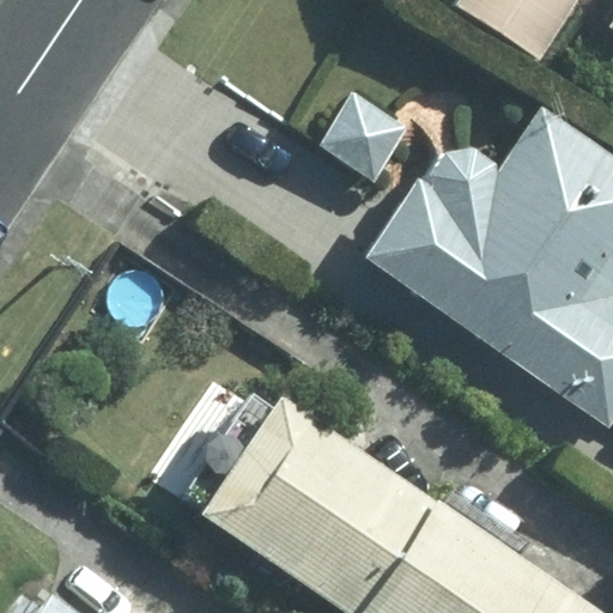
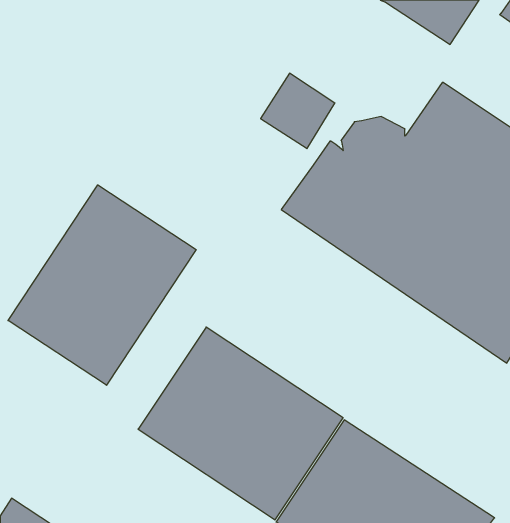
building: none -> [8,185,196,385]

